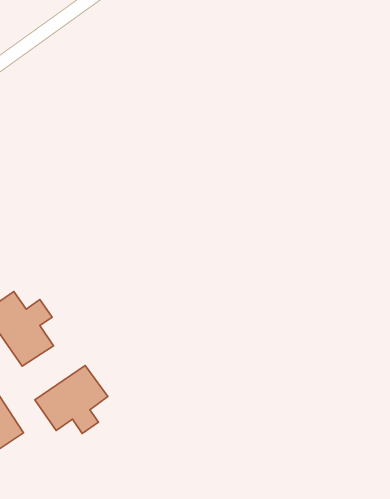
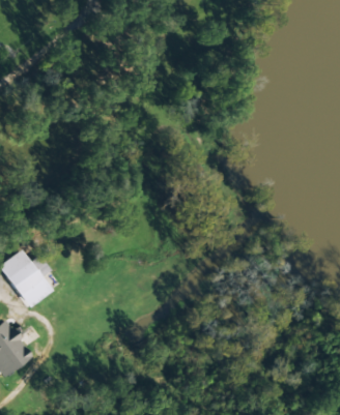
building: [35,365,108,433] -> none

